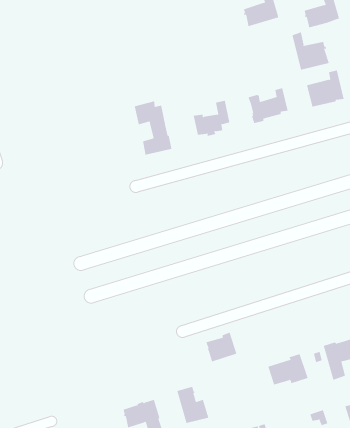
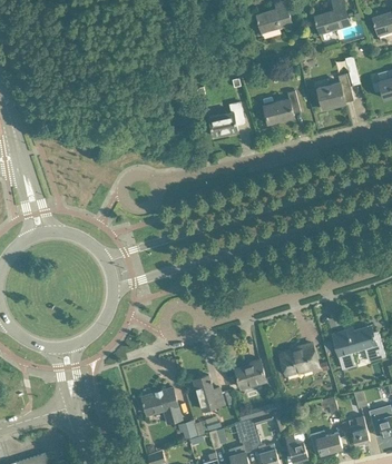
building: [292,32,330,71] -> none
building: [134,100,173,155] -> none
building: [206,332,237,362] -> [235,359,265,388]

